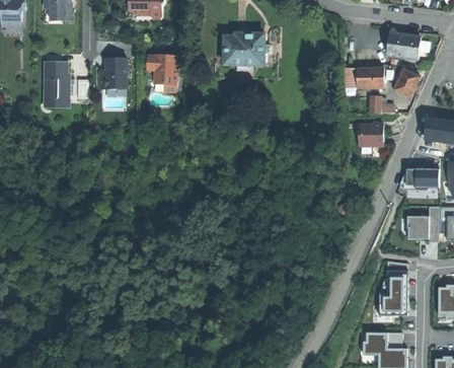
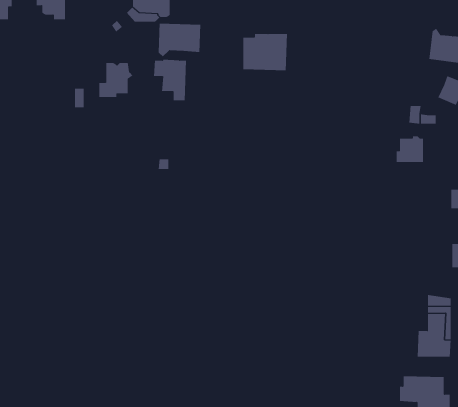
building: none -> [158,23,201,57]
building: [44,62,69,103] -> none
building: [358,67,385,86] -> none

